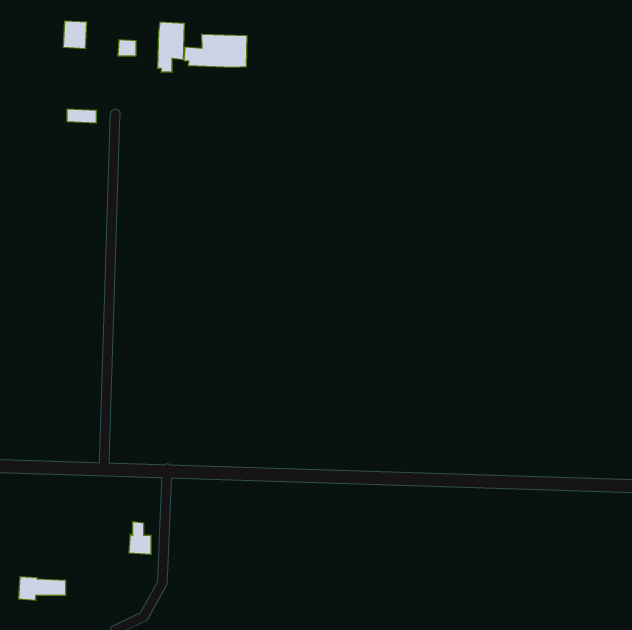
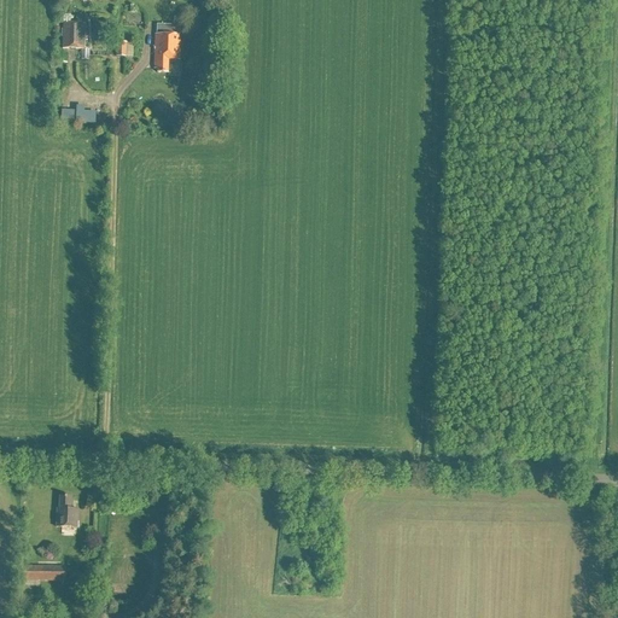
building: [184,34,247,67] -> none
building: [129,522,151,554] -> [57,494,78,525]

